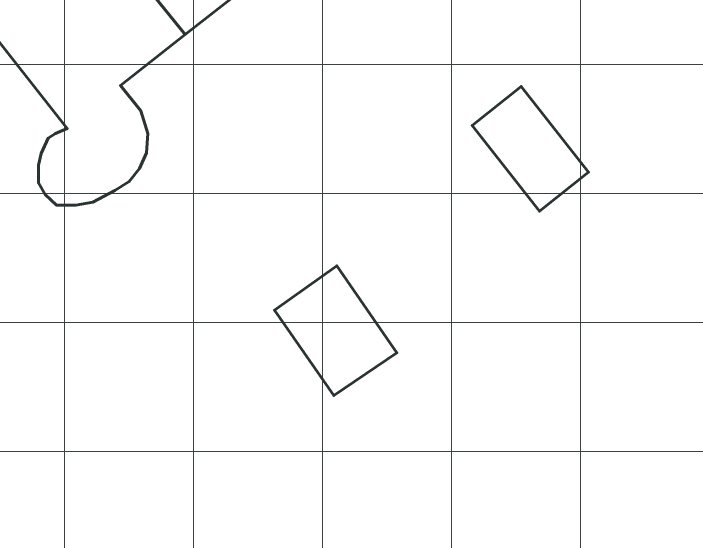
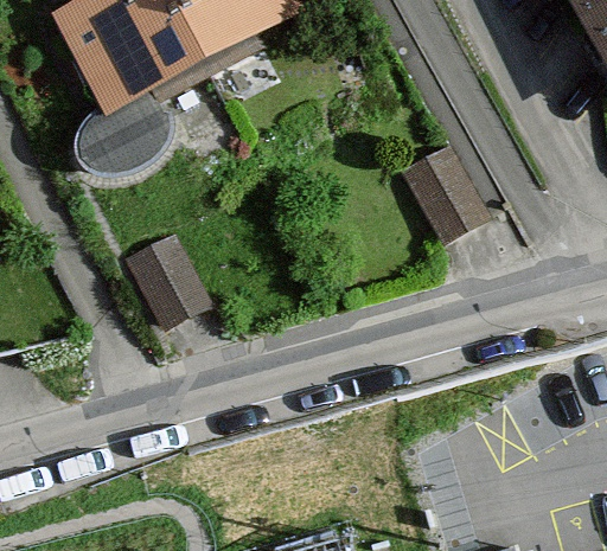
building: [274,266,397,396] -> [127,232,212,328]

